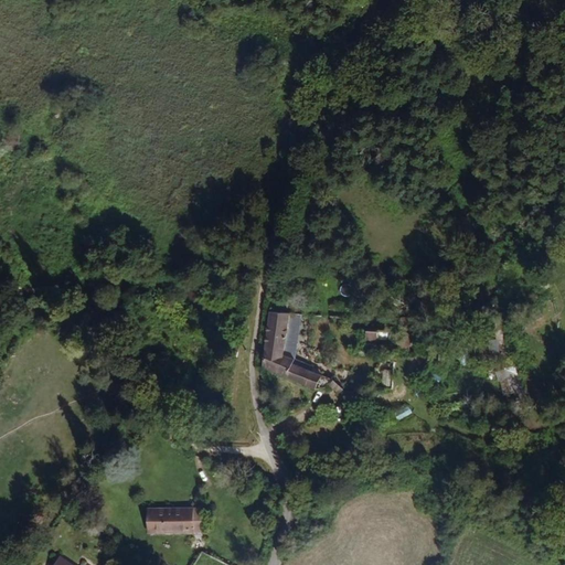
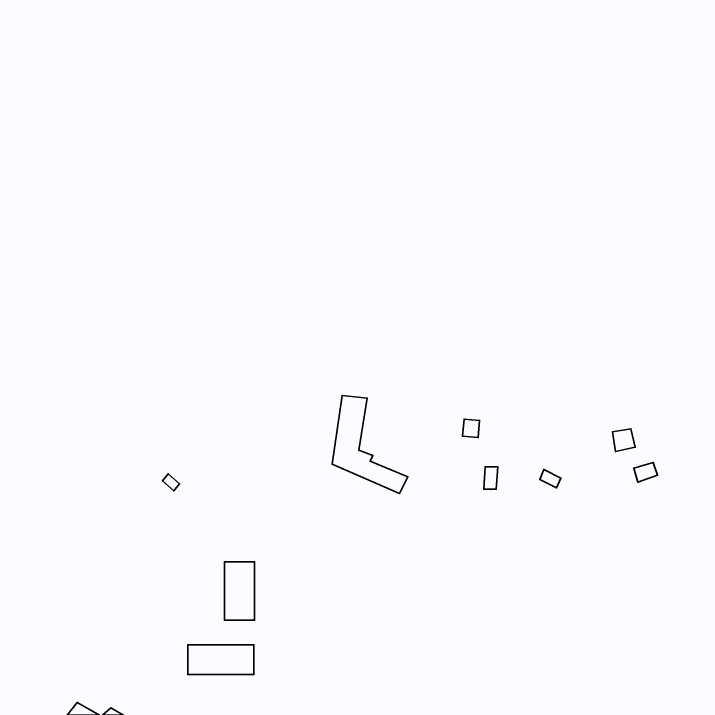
building: none -> [224,562,254,620]

